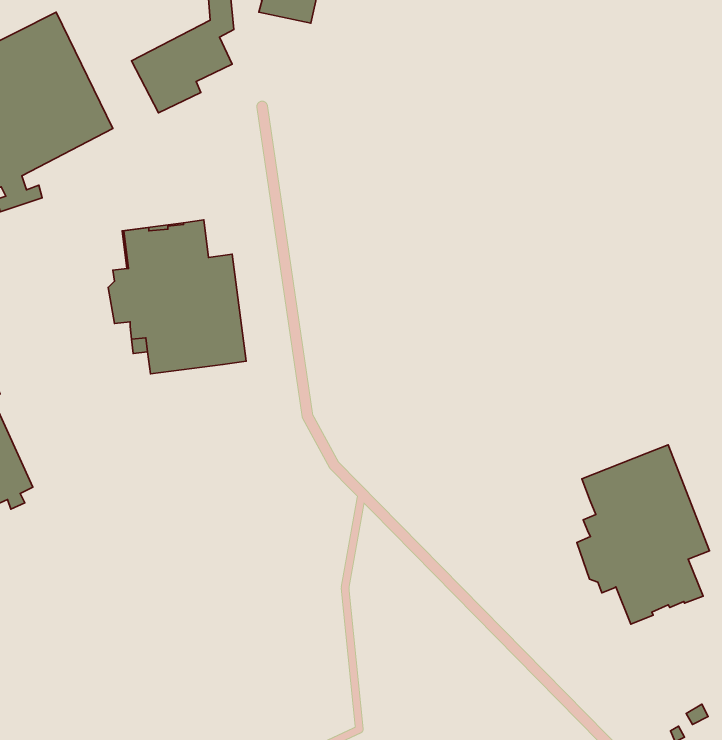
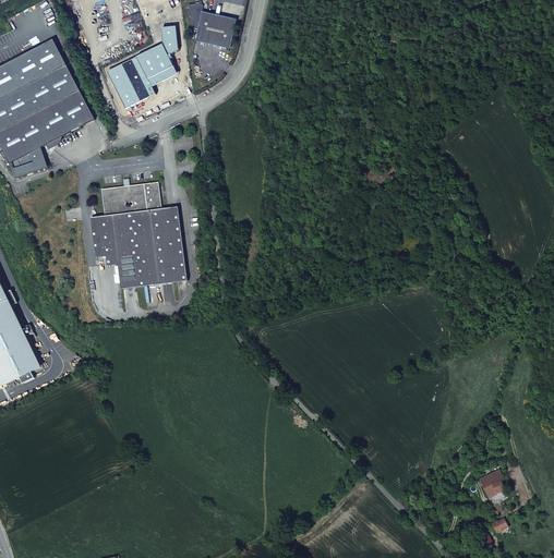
building: [577,445,710,624] -> none
building: none -> [479,466,504,501]

